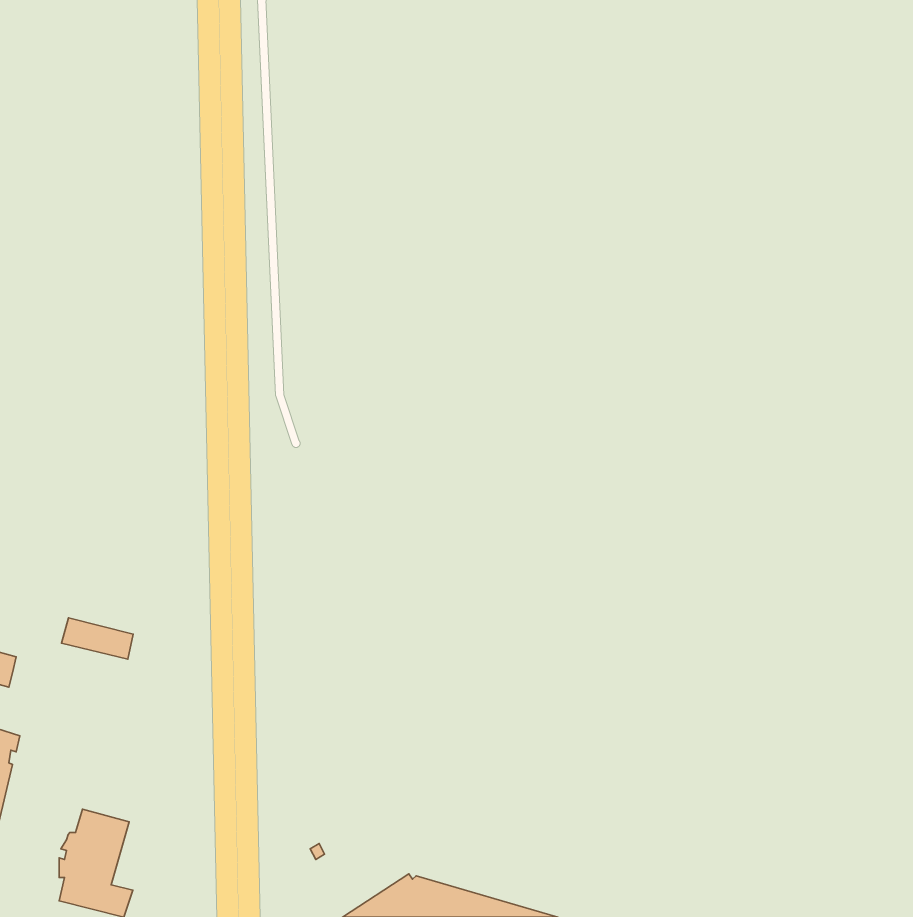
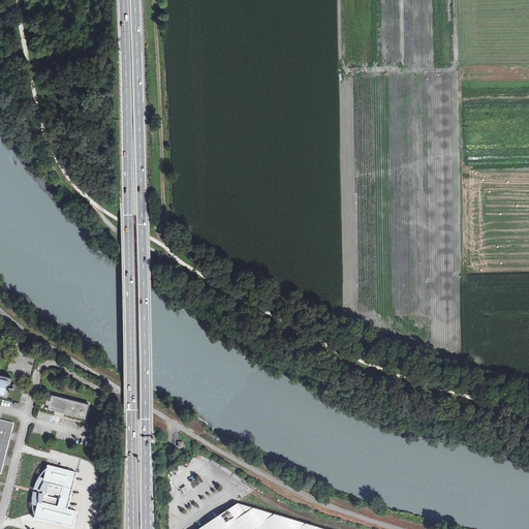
building: [61,618,133,659] -> [45,395,87,418]

